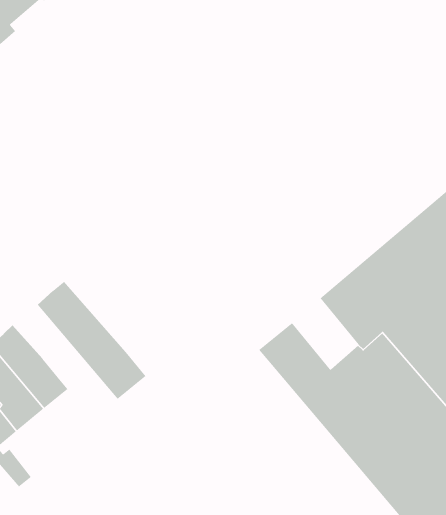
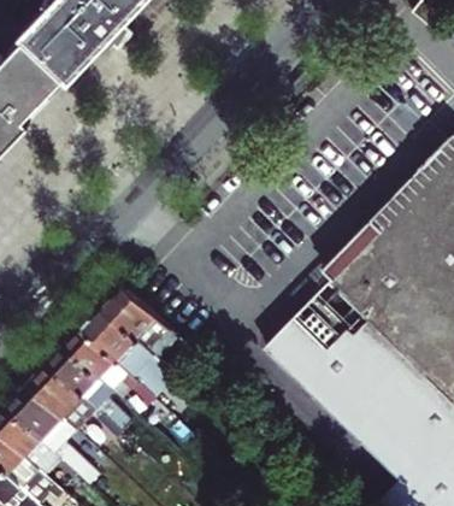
building: none -> [106,282,183,358]
building: none -> [295,299,350,355]
building: none -> [67,326,159,405]

